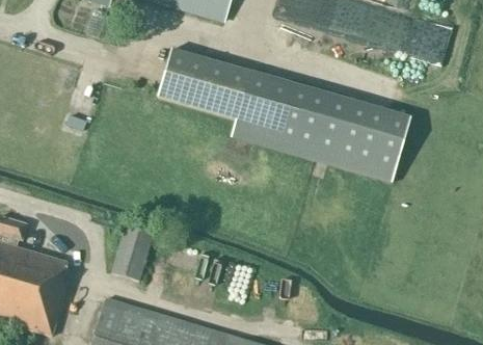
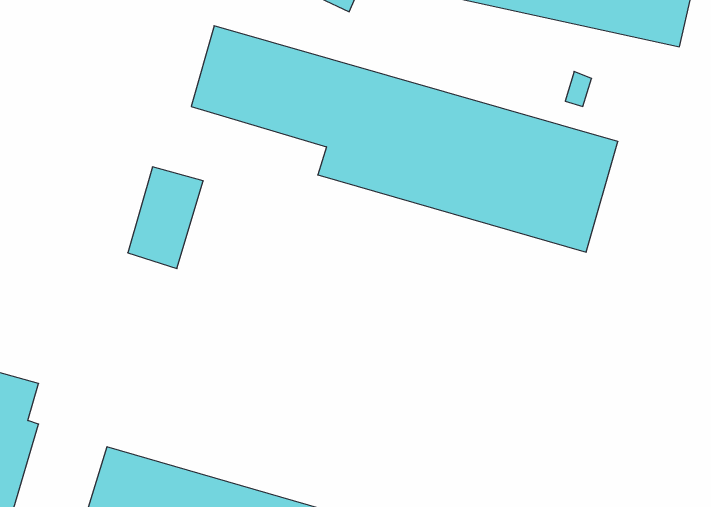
building: [113,222,158,283] -> [128,167,203,269]

